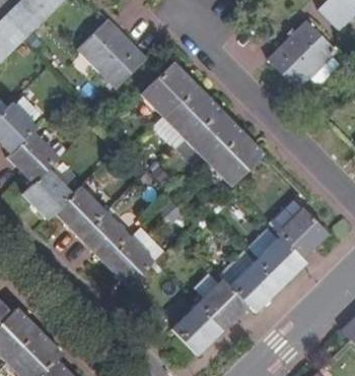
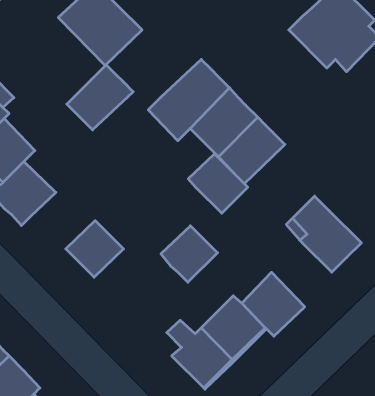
building: [141,61,196,115] -> [67,65,133,130]
building: none -> [188,154,248,213]
building: [56,188,109,240] -> none
building: [254,235,306,288] -> none
building: [108,240,154,287] -> [161,226,218,282]

